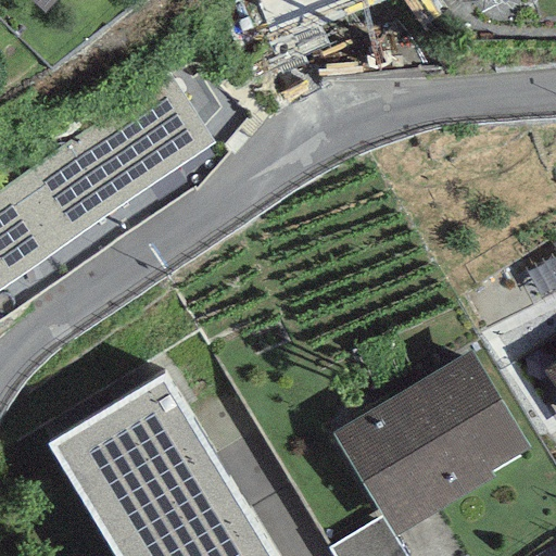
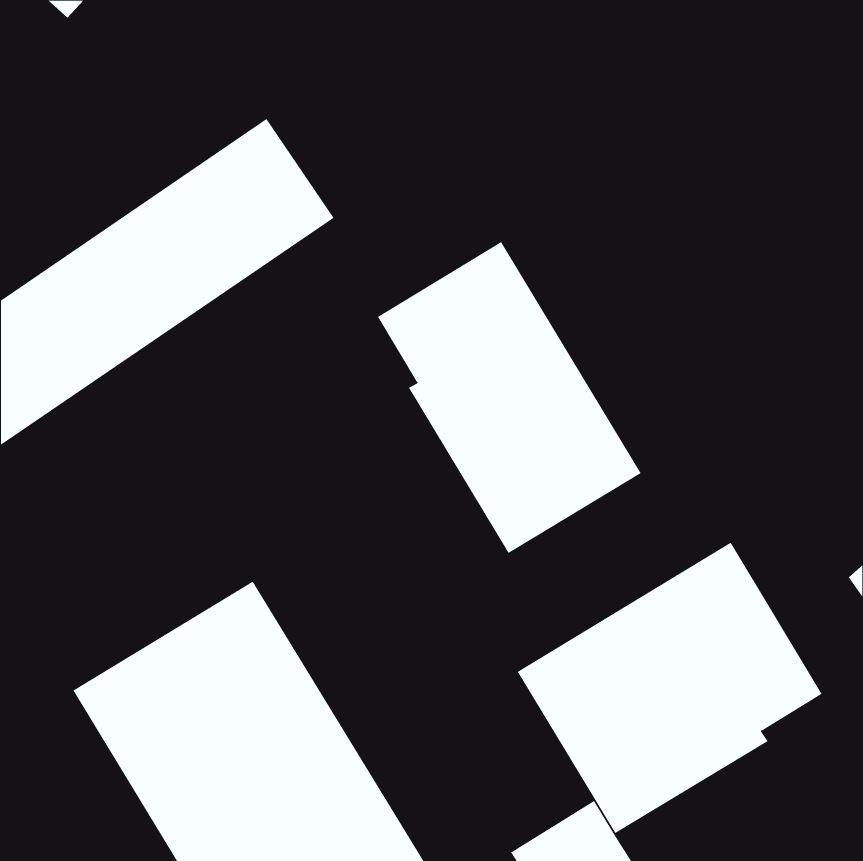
building: none -> [377,241,641,554]

